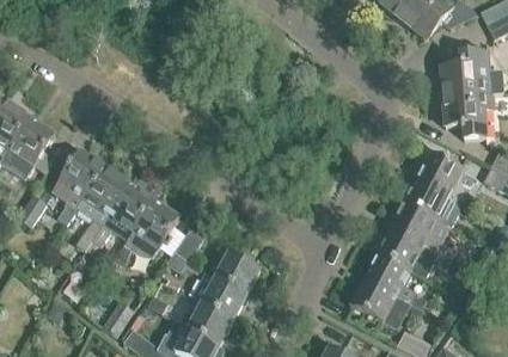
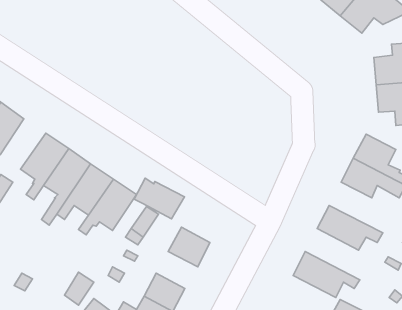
building: [391,202,453,257] -> none
building: [365,252,429,308] -> none
building: [192,273,247,318] -> [134,178,185,219]

